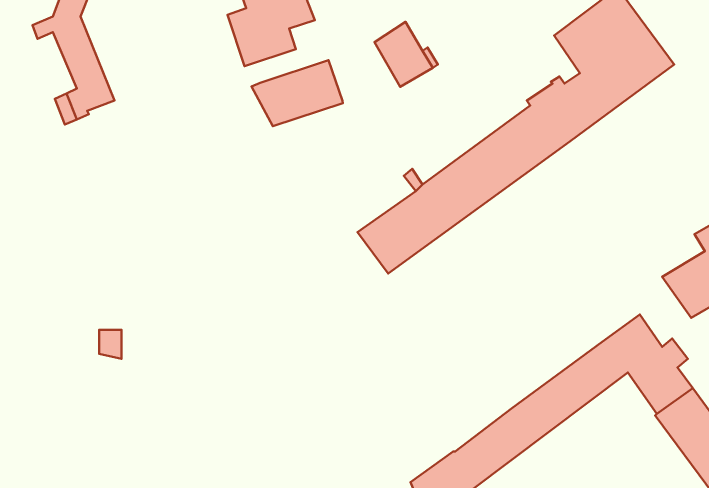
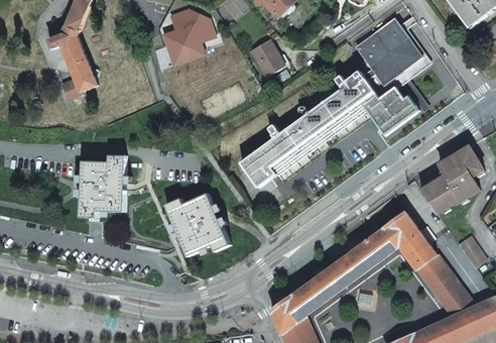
building: [251,60,343,126] -> none
building: none -> [365,87,418,135]
building: none -> [82,155,125,216]
building: none -> [165,193,230,255]

